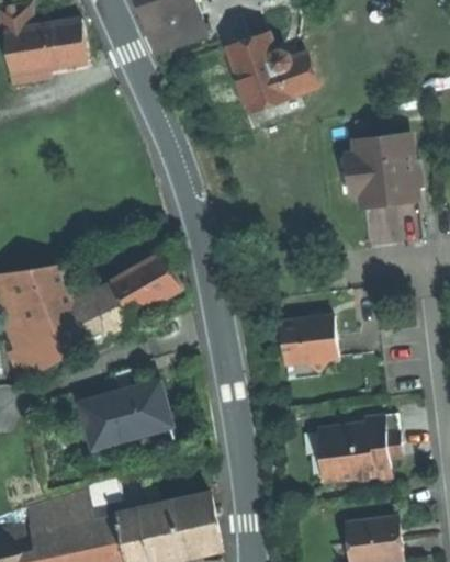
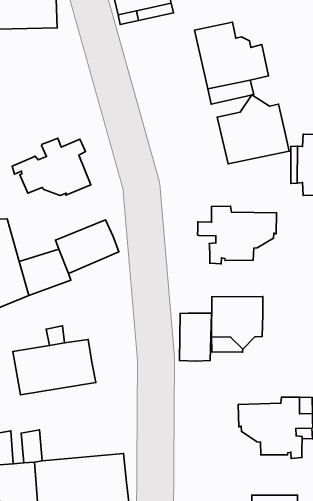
building: none -> [217,95,289,164]
building: none -> [12,138,91,196]
building: none -> [198,206,277,264]
building: none -> [180,313,212,361]

